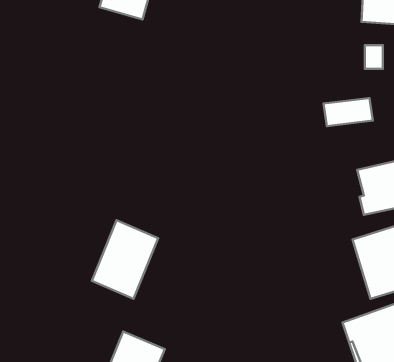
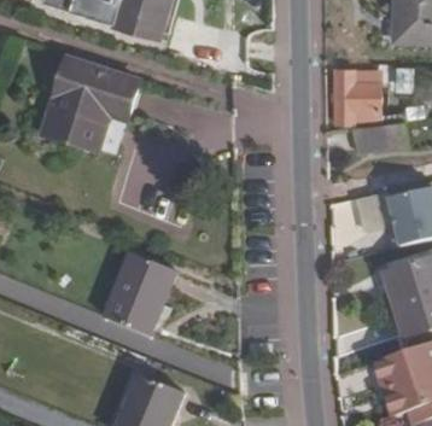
building: none -> [43,59,138,147]
building: none -> [332,69,376,124]

